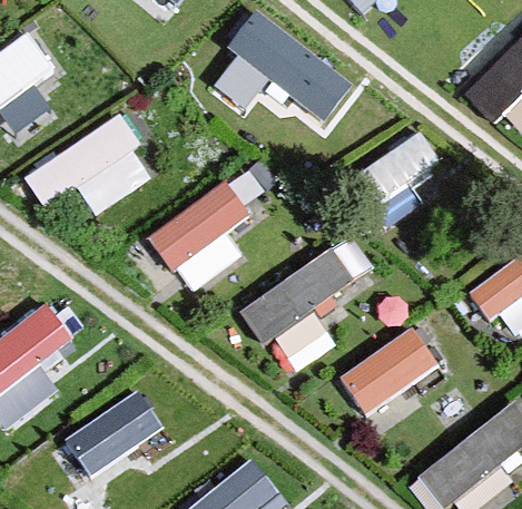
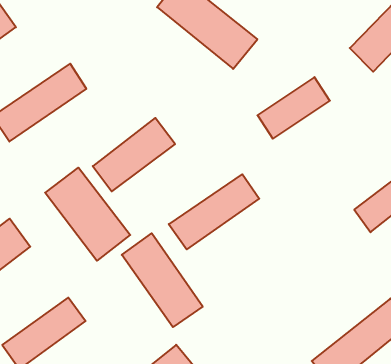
building: none -> [45,168,130,261]
building: none -> [122,233,203,327]
building: [341,327,437,415] -> none

